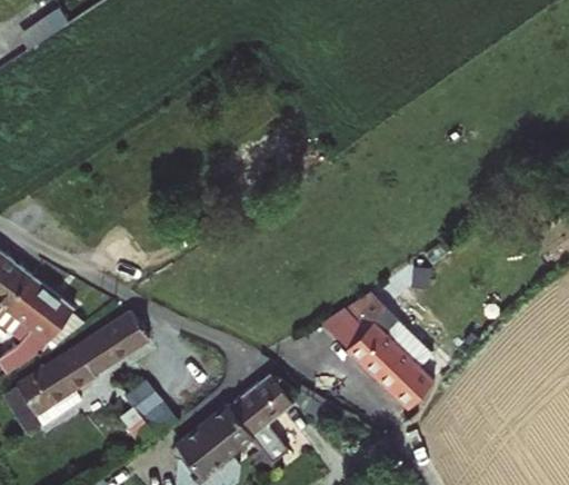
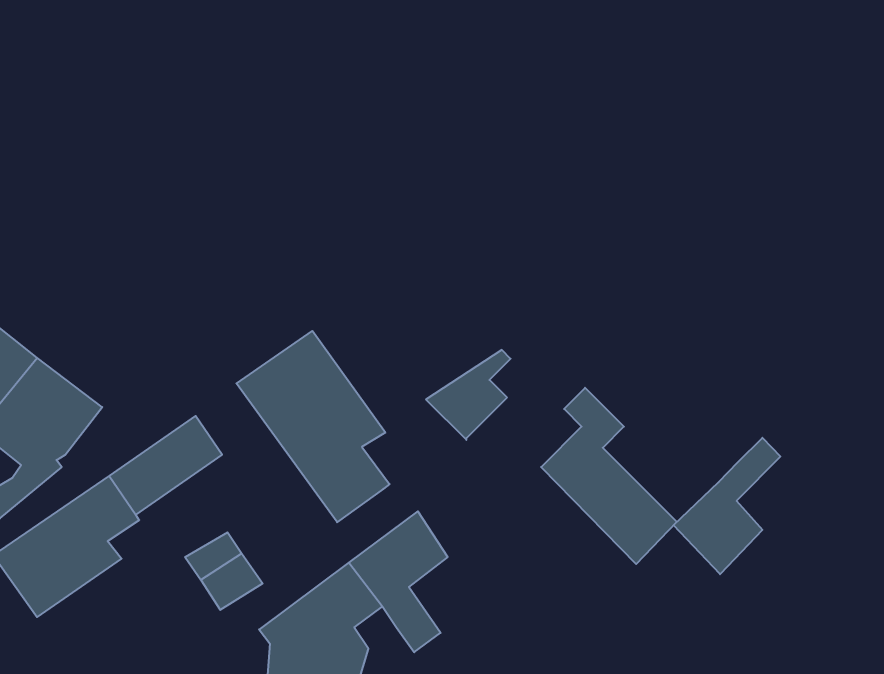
building: none -> [236,331,390,522]
building: [323,289,377,346] -> [426,350,511,440]
building: none -> [674,438,780,574]

